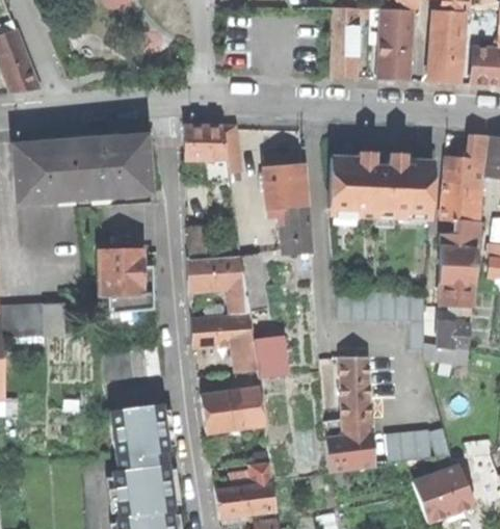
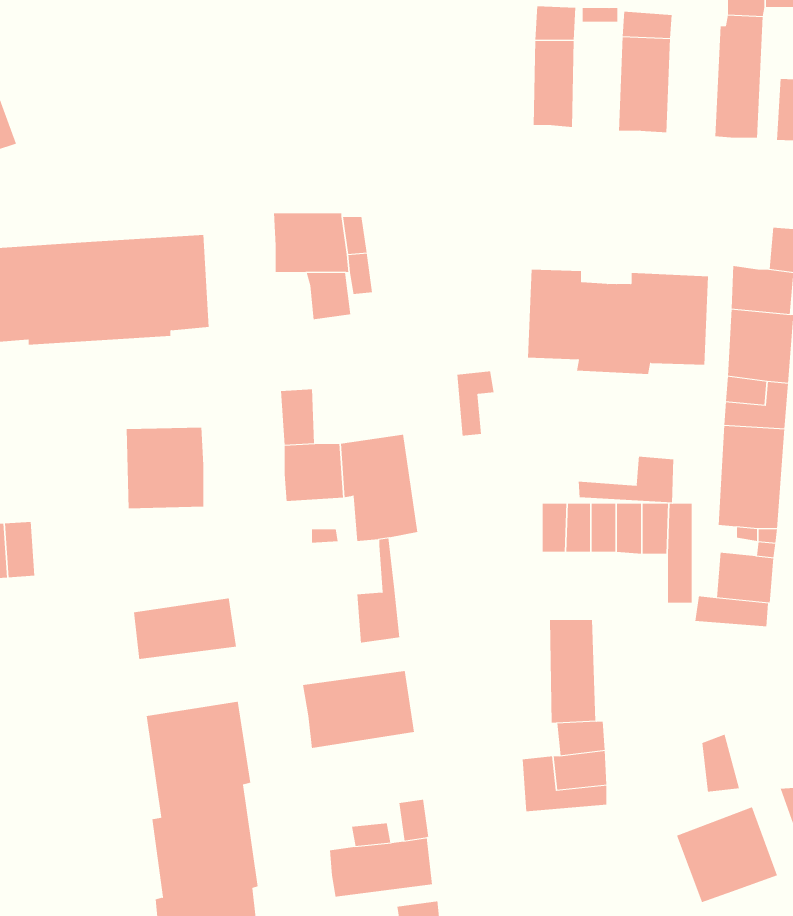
building: [263,164,305,206] -> none
building: none -> [578,456,674,503]
building: [192,315,245,345] -> none
building: [253,336,283,375] -> none
building: [386,428,431,460] -> none

